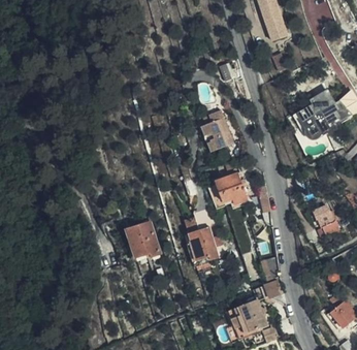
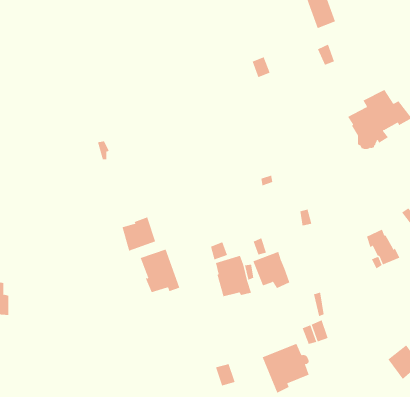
building: [203,110,233,151] -> none
building: [215,172,246,203] -> [252,251,290,289]
building: none -> [122,217,156,252]

